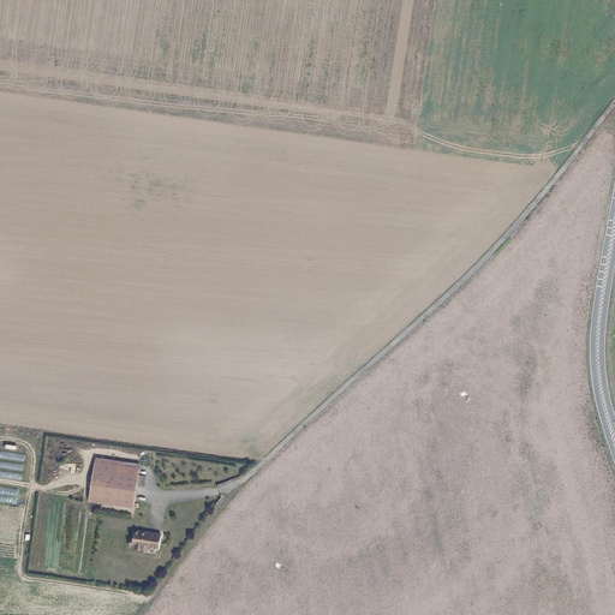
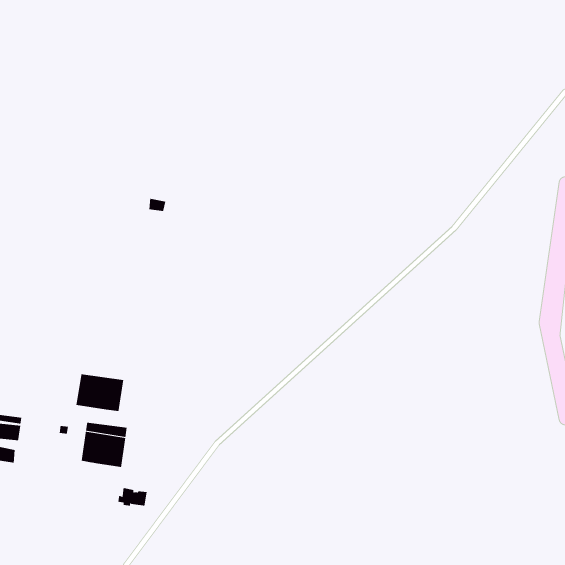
building: none -> [76,373,124,412]

